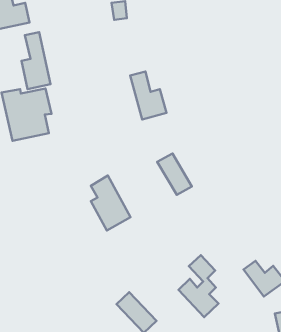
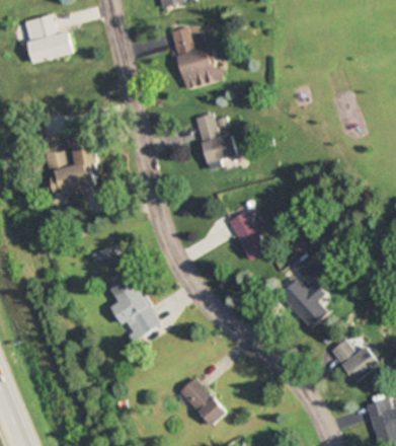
building: none -> [179,48,218,87]
building: [22,32,50,89] -> none
building: [91,176,131,231] -> [110,276,158,342]
building: [179,255,218,317] -> [281,254,328,328]

